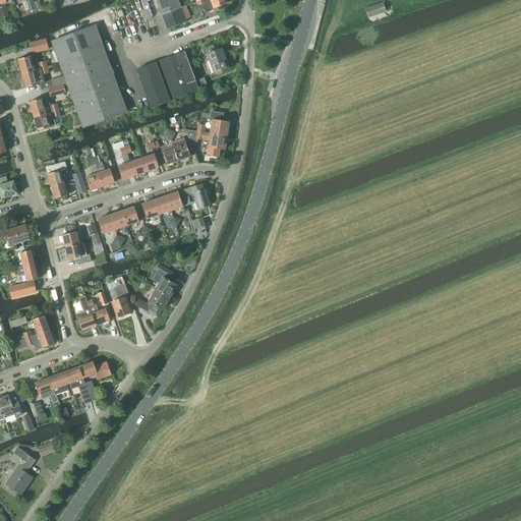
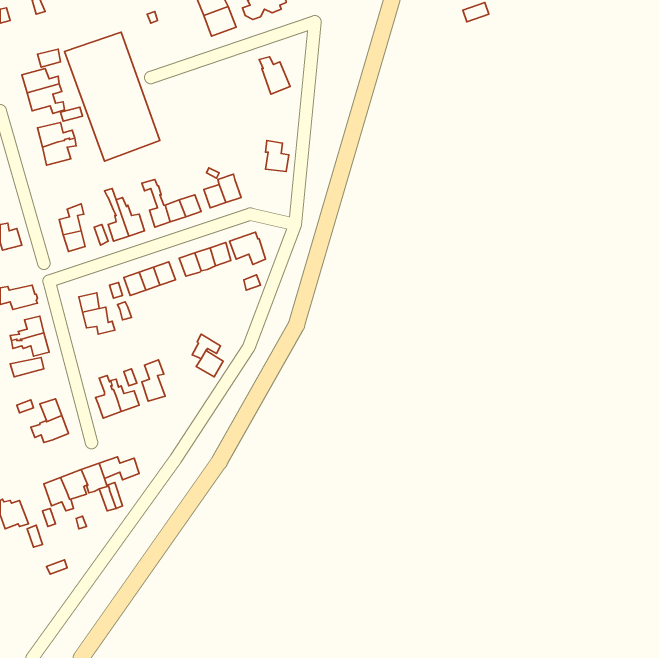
building: [136,52,198,108] -> none
building: [185,129,226,156] -> none
building: [135,289,169,316] -> none
building: [4,447,35,495] -> none

